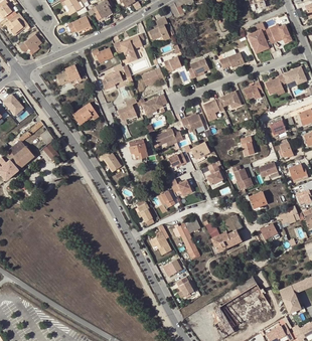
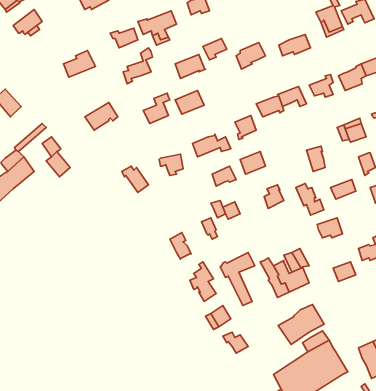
building: none -> [278,304,324,345]

